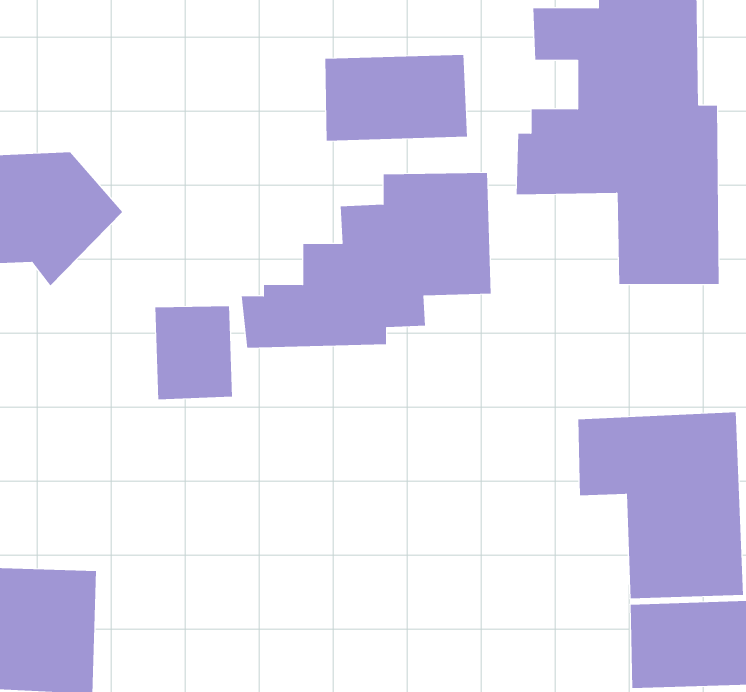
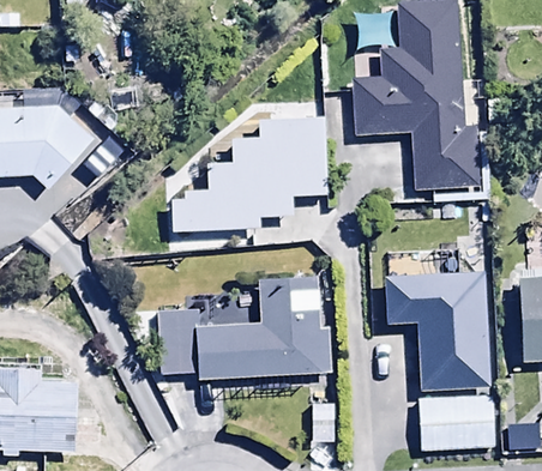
building: [325,54,467,141] -> none
building: [155,305,232,400] -> none
building: none -> [159,268,331,380]

